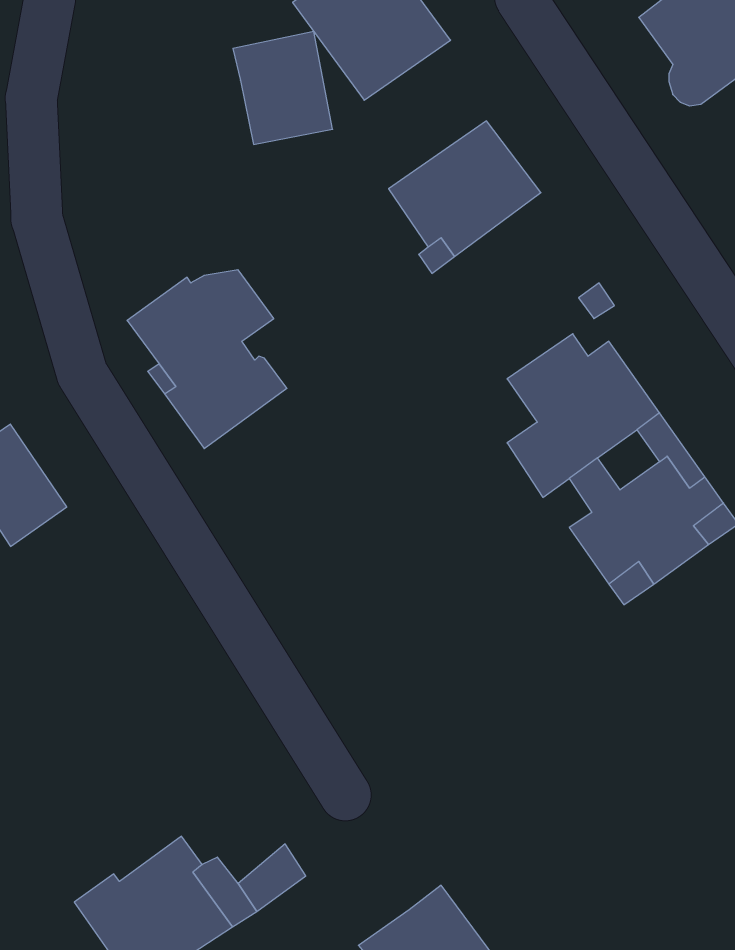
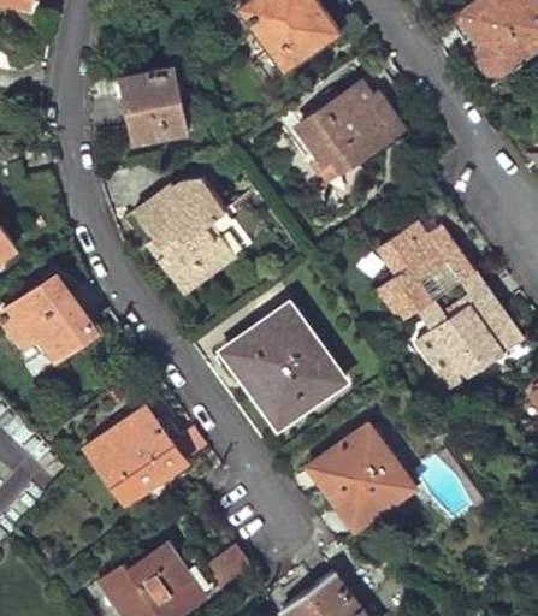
building: [233,31,333,144] -> [122,70,185,142]
building: none -> [233,308,336,427]
building: none -> [99,408,205,496]
building: none -> [311,426,412,532]

